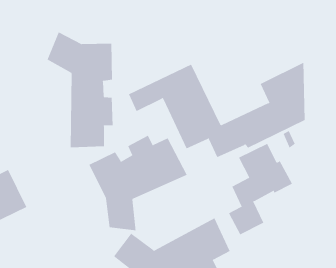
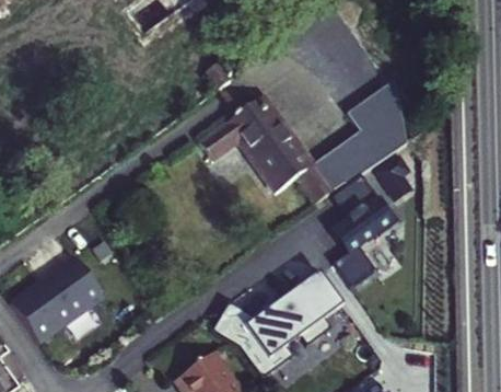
building: [47,32,113,148] -> none
building: [89,135,188,231] -> none

